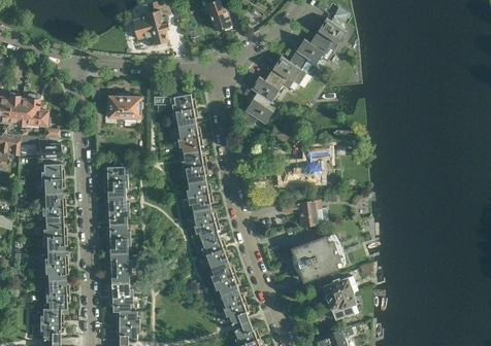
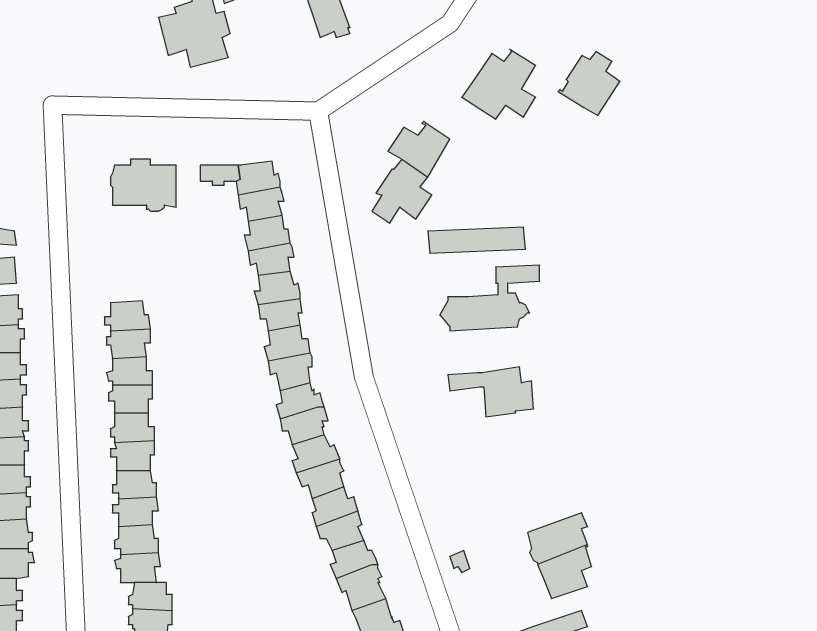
building: [314,16,346,49] -> [558,51,620,115]
building: [270,57,306,92] -> none
building: [291,235,343,281] -> none

